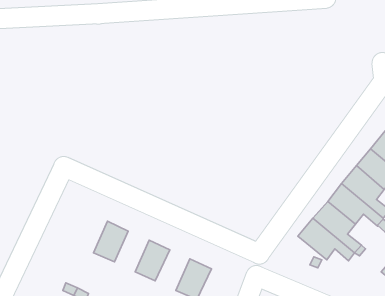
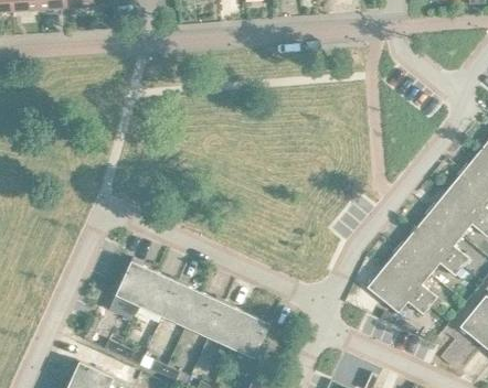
building: none -> [116,261,155,306]
building: none -> [162,282,201,327]
building: none -> [208,303,246,348]

